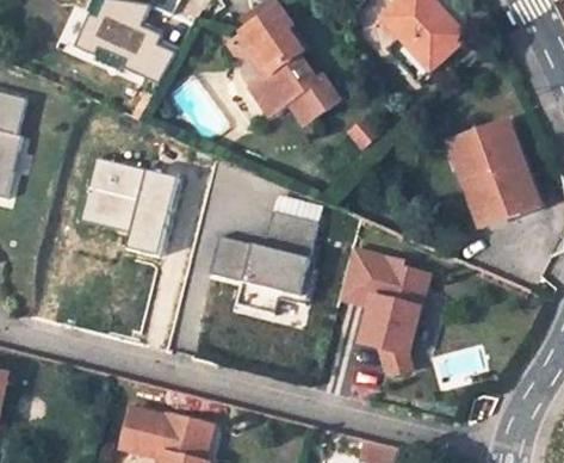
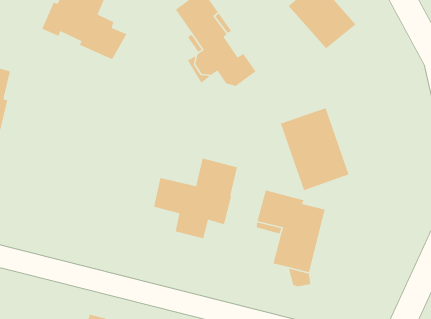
building: [448,122,537,228] -> [280,107,350,191]
building: [79,156,178,258] -> none

